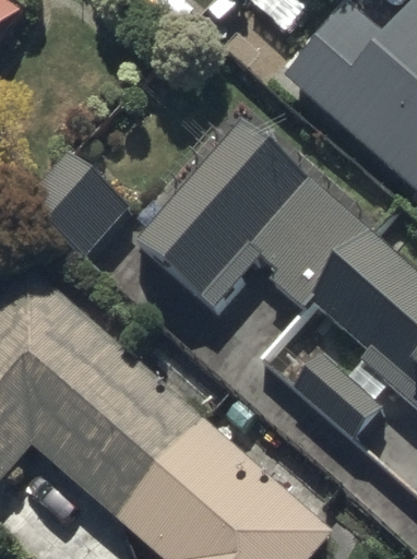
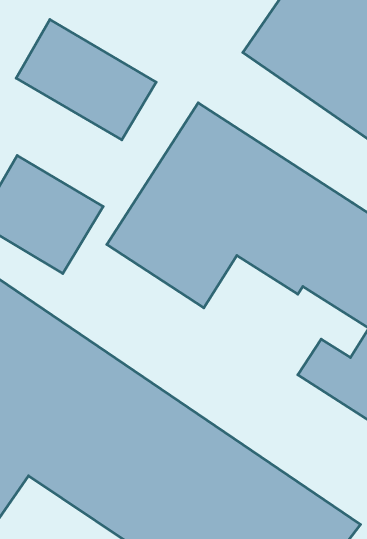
building: none -> [16,19,156,140]

